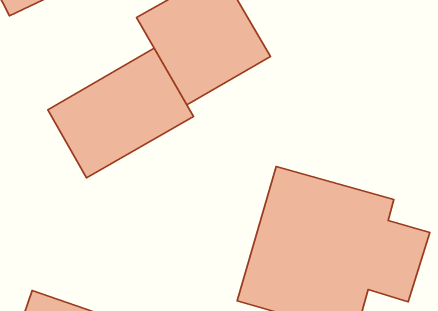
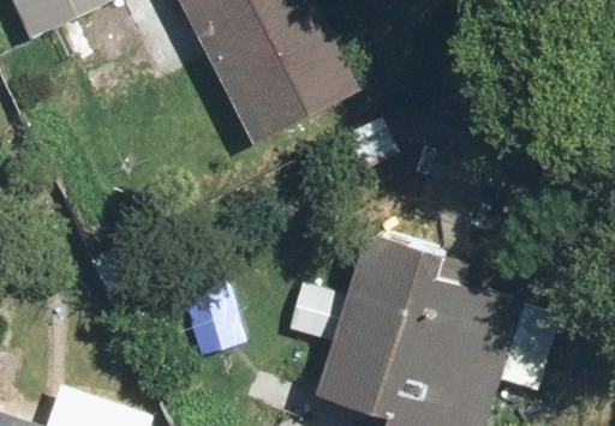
building: [48,48,193,178] -> none

